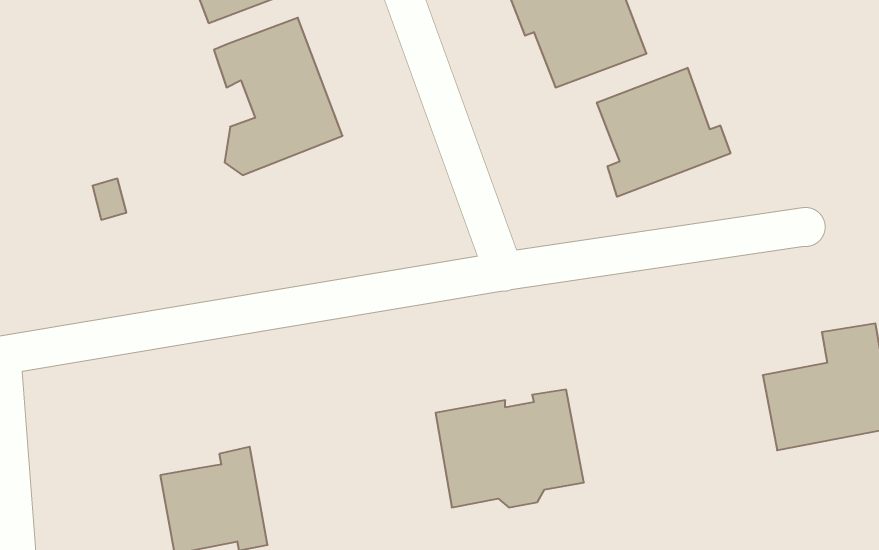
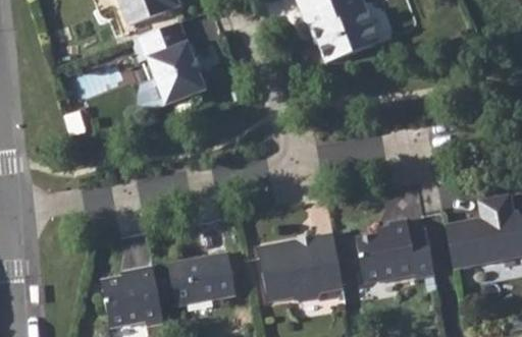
building: [597,68,730,197] -> none
building: none -> [352,220,433,283]
building: none -> [167,254,236,305]

